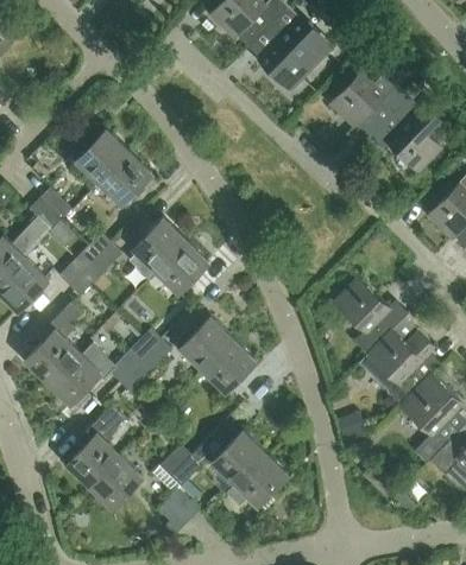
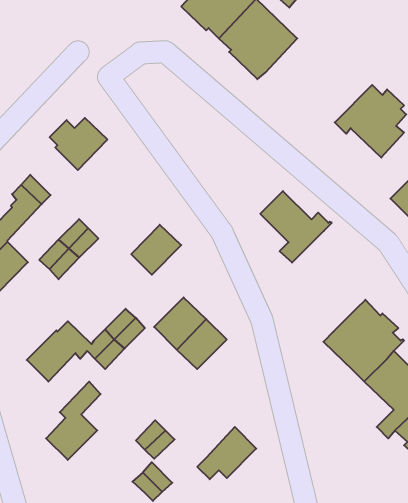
building: [329,63,408,134] -> none
building: [100,152,152,210] -> none
building: [133,218,185,272] -> none
building: [334,278,409,353] -> [260,191,332,263]
building: [24,305,81,382] -> none
building: [212,431,264,484] -> none
building: [89,456,143,509] -> none

